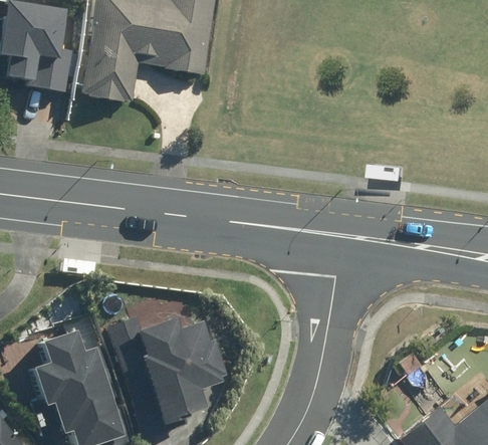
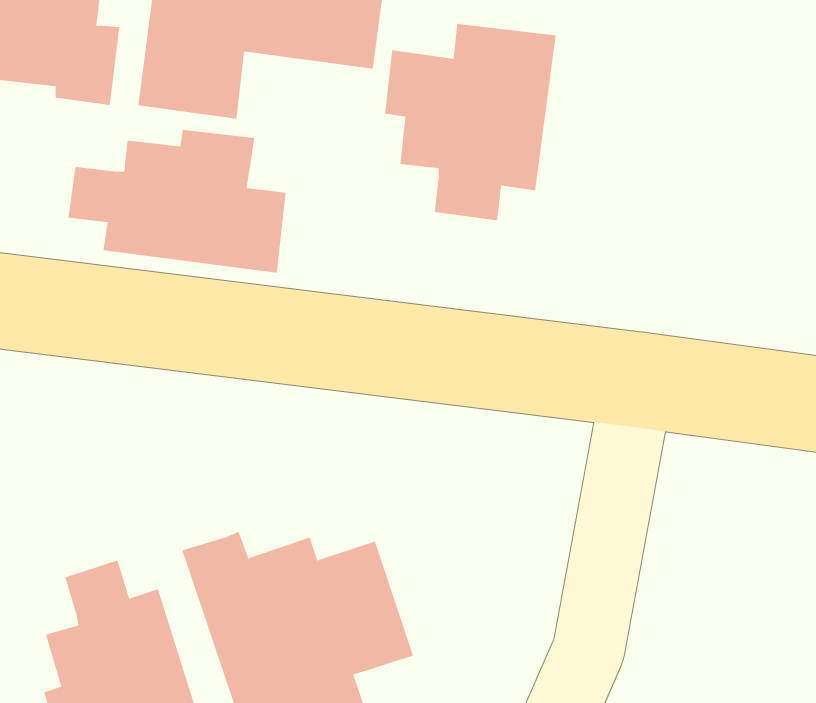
building: none -> [385,23,556,221]
building: none -> [68,129,286,274]

